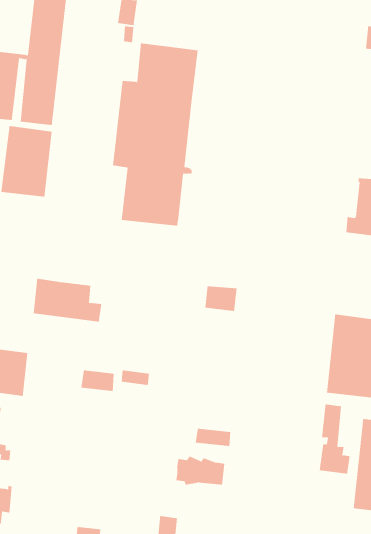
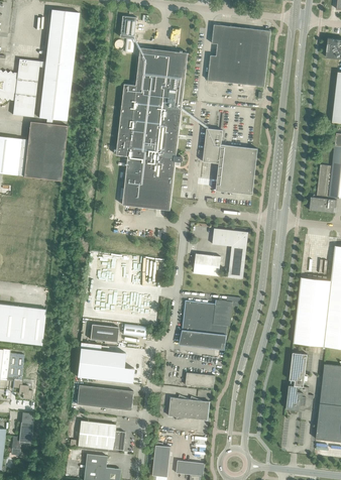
building: none -> [208,23,270,88]
building: none -> [203,128,257,195]
building: none -> [213,228,248,278]
building: [33,278,102,322] -> [77,347,134,383]
building: none -> [181,295,241,350]
building: none -> [77,385,133,410]
building: none -> [78,421,125,450]

